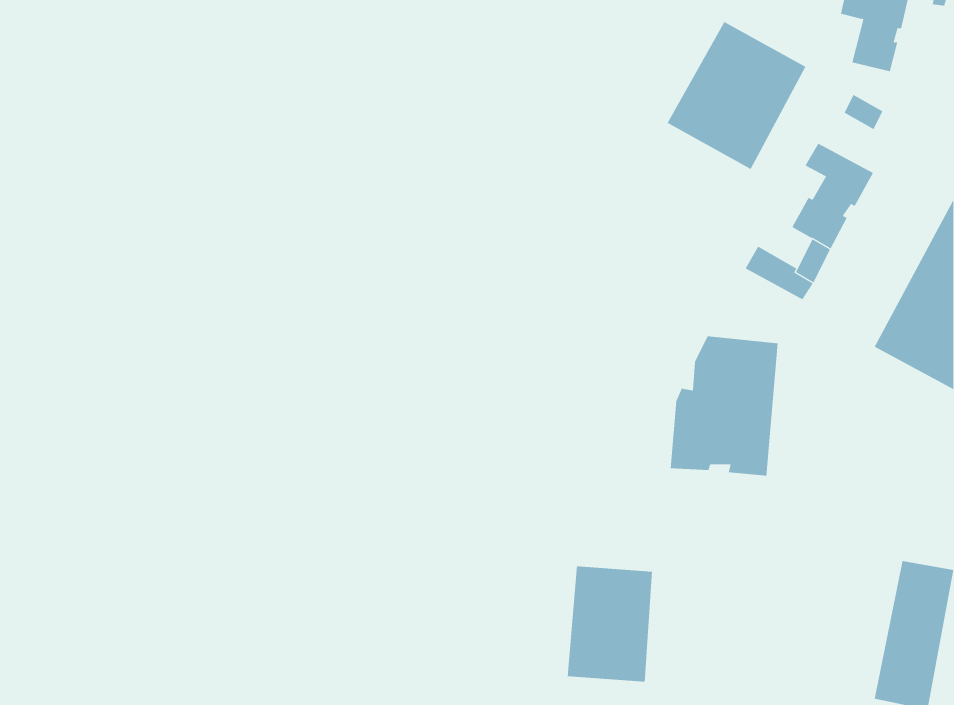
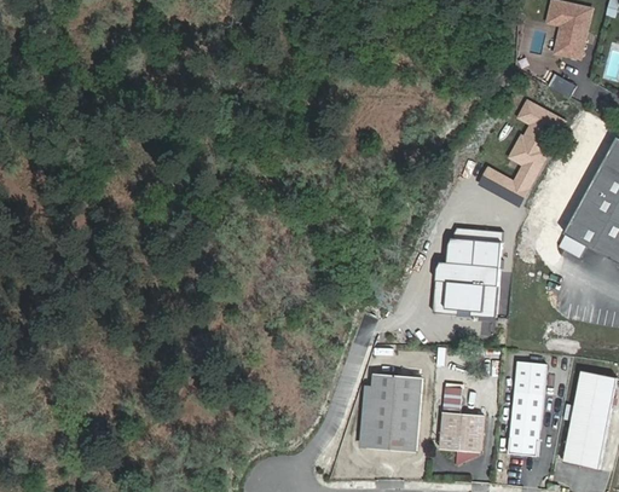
building: [667,21,806,170] -> none
building: none -> [504,363,544,458]
building: none -> [441,387,484,459]

